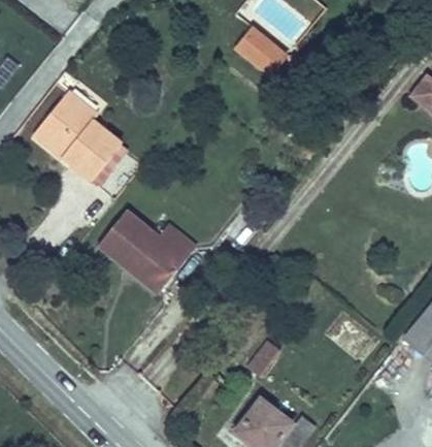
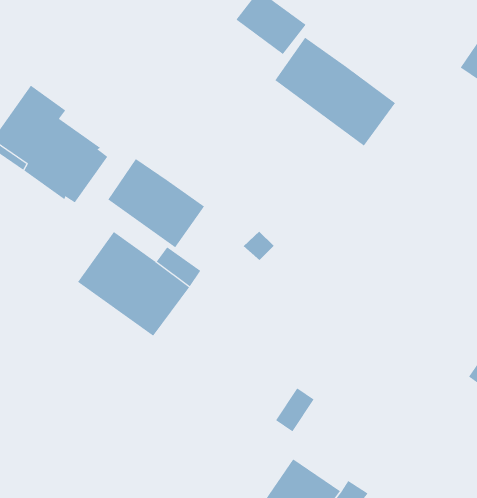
building: none -> [275,37,396,146]
building: none -> [107,158,205,248]

